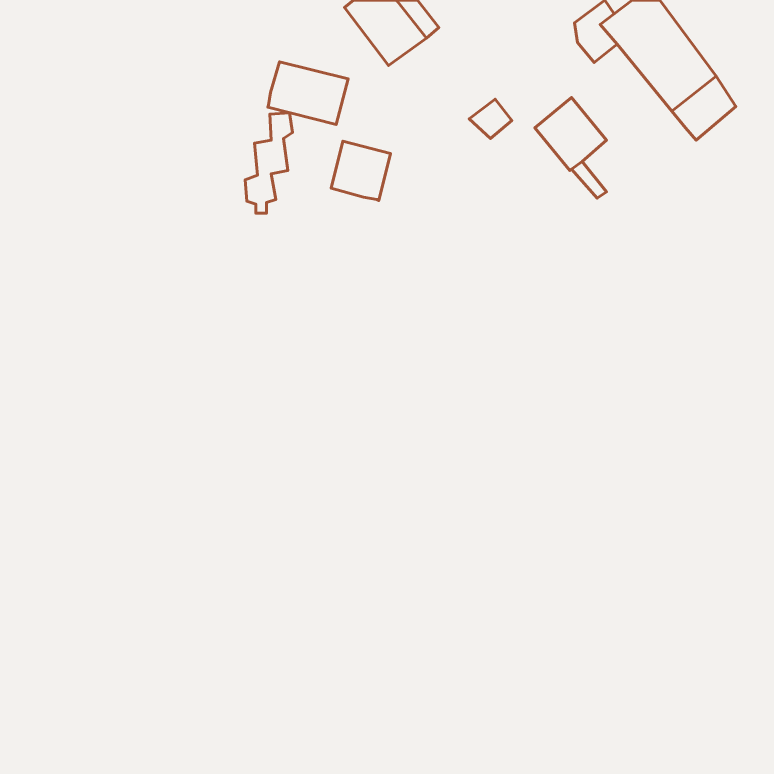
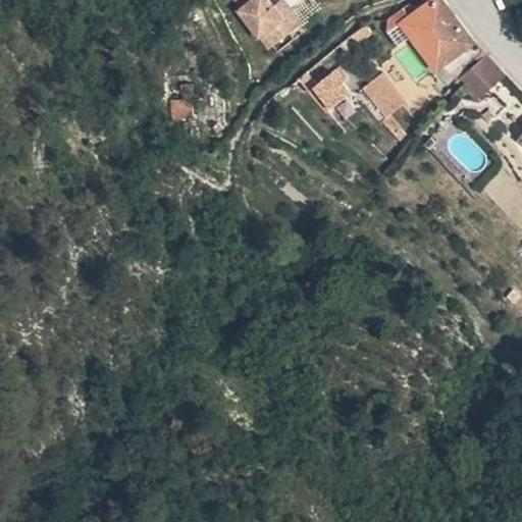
building: [268,62,348,124] -> none
building: [331,141,391,200] -> none

